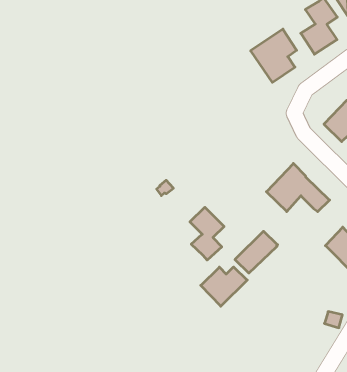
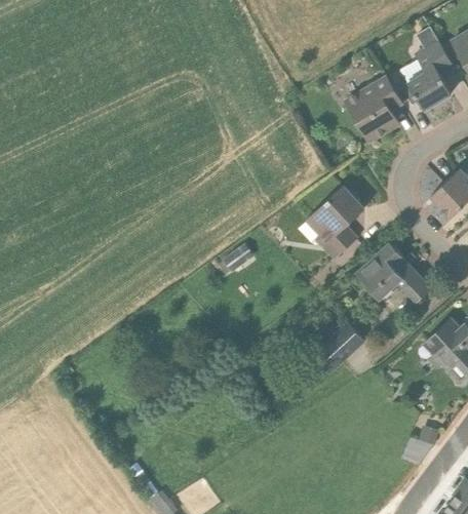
building: none -> [306,186,364,259]
building: [190,207,224,260] -> none
building: [201,267,247,306] -> none

